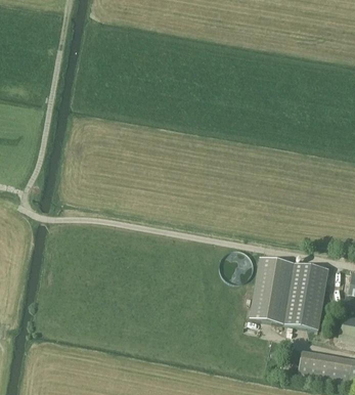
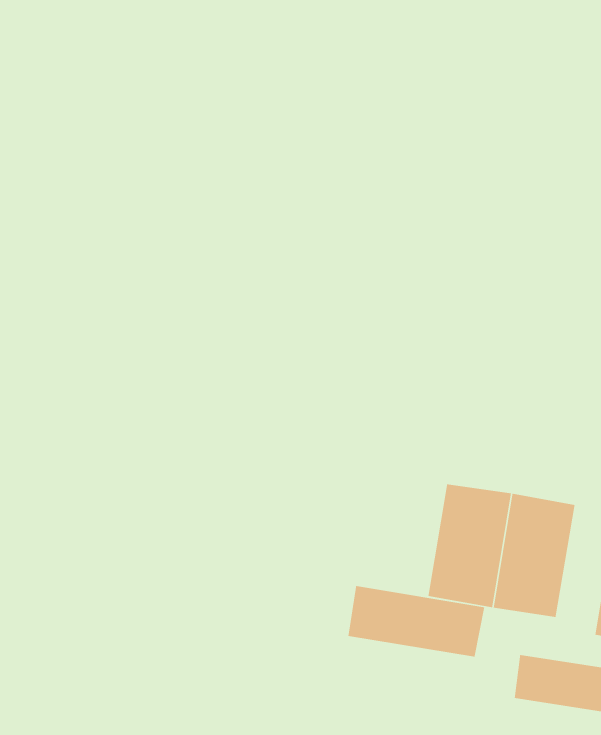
building: none -> [348,585,485,657]

